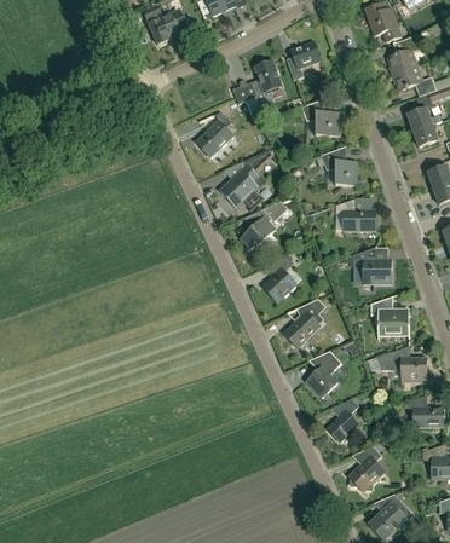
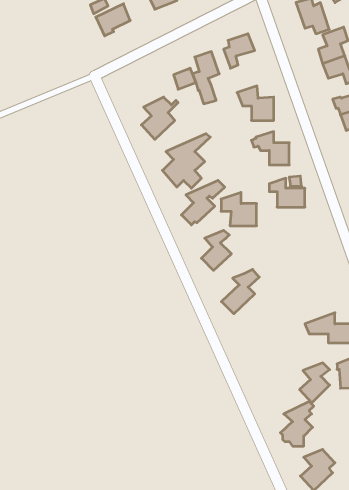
building: [353,247,392,283] -> [221,192,257,226]
building: [370,296,410,333] -> none
building: [305,351,341,398] -> none
building: [327,399,359,443] -> [300,363,330,403]

